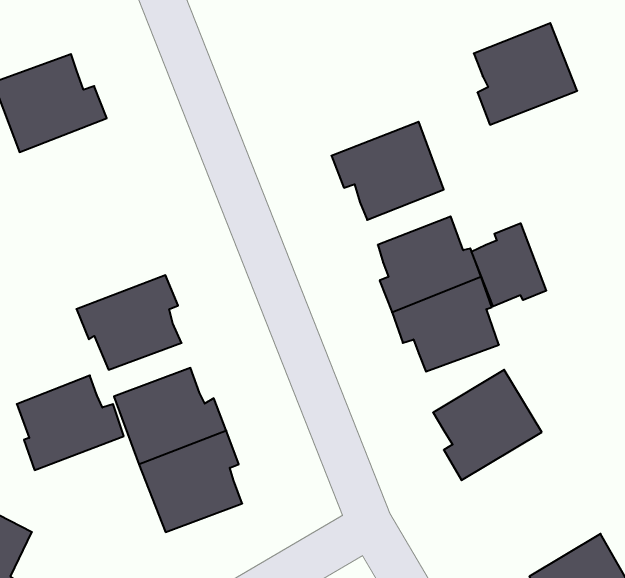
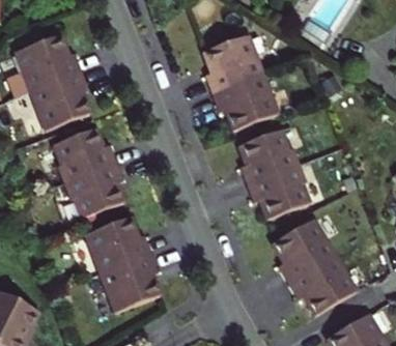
building: [474,23,577,125] -> [202,34,262,93]
building: none -> [30,71,90,131]
building: [472,223,546,306] -> none
building: [17,375,124,470] -> [53,127,115,182]
building: none -> [287,254,356,315]

